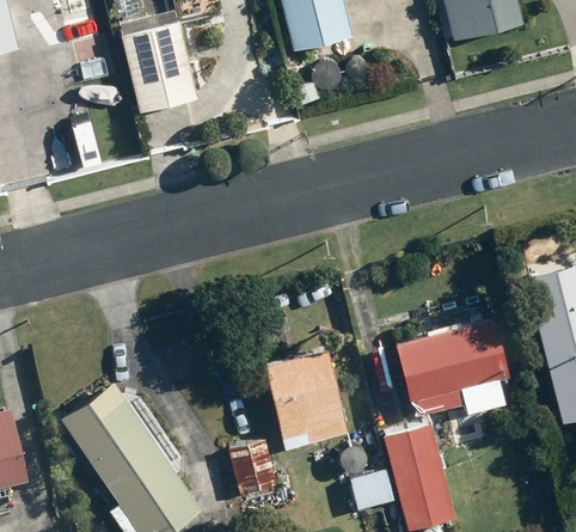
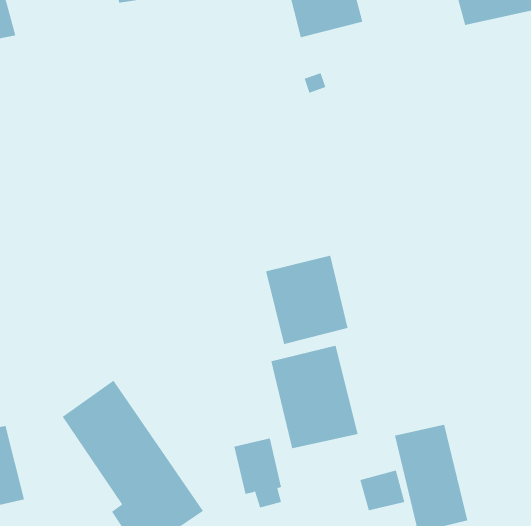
building: [121,19,197,111] -> none
building: none -> [266,255,348,345]
building: [396,317,508,414] -> none

